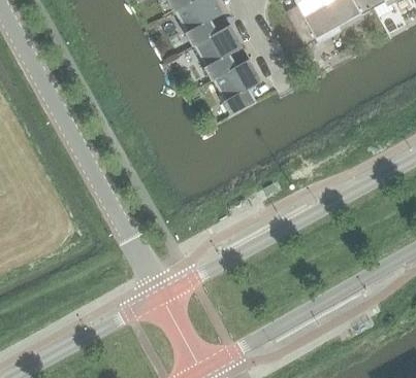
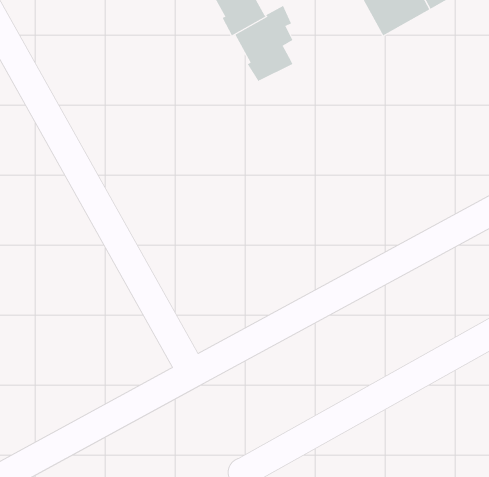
building: [214,58,258,113] -> none

